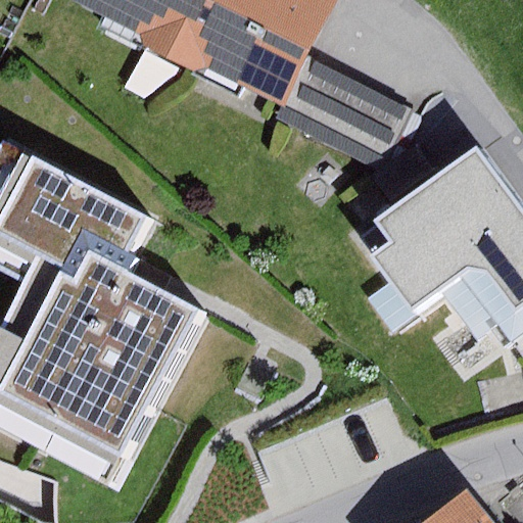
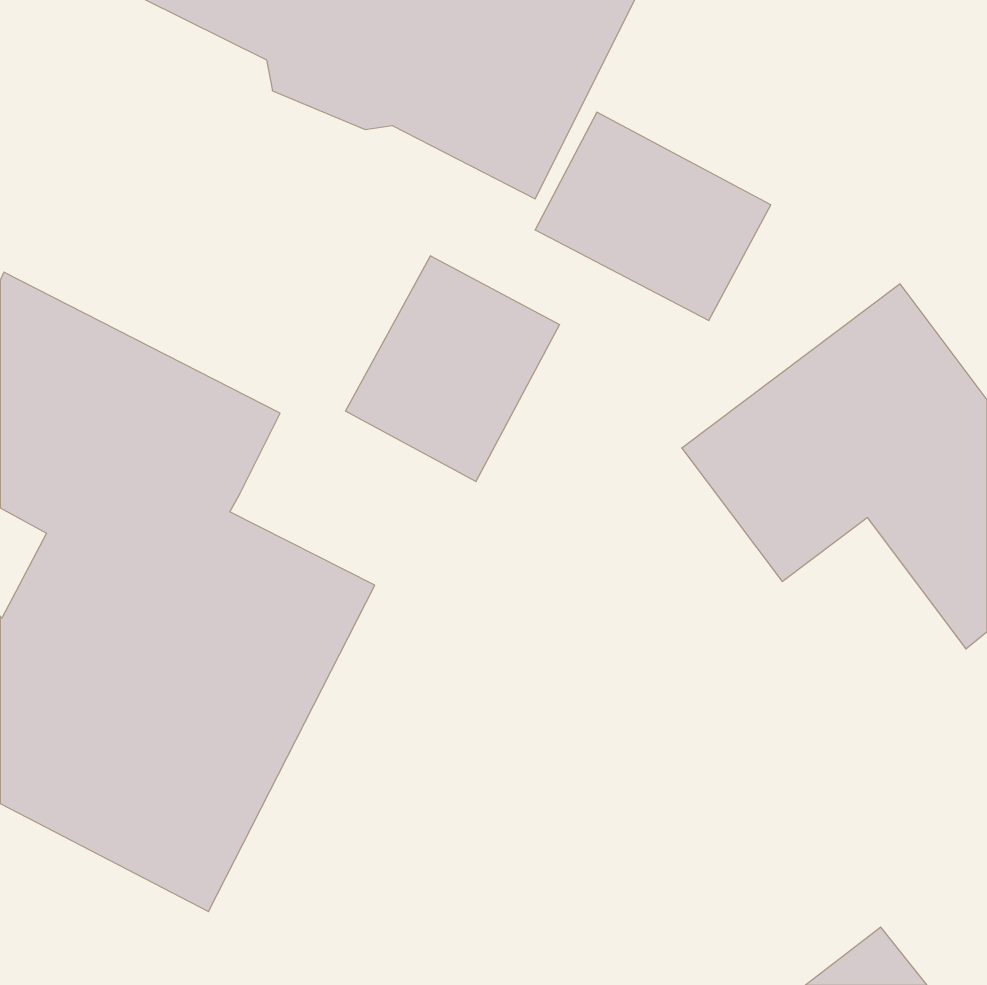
building: none -> [346,256,560,482]

